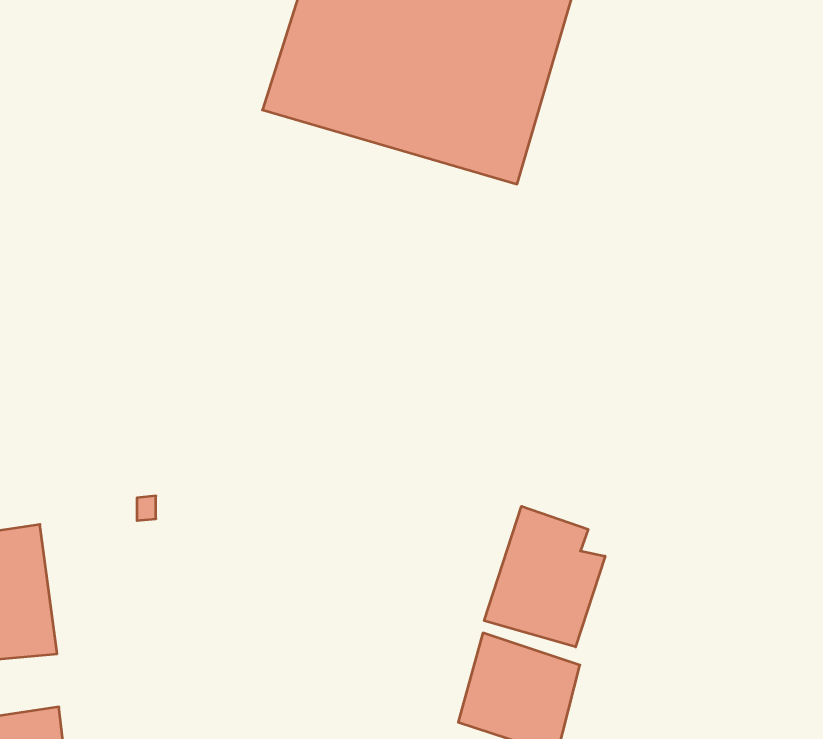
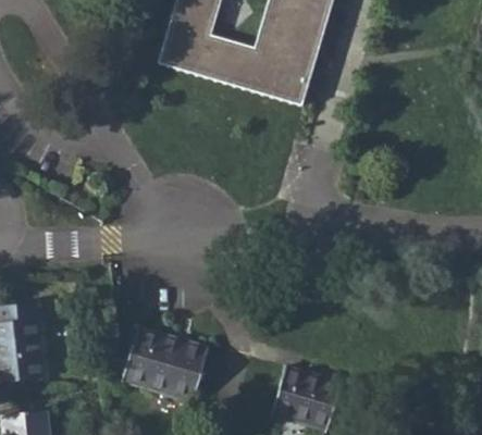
building: [484,506,605,647] -> none
building: none -> [119,331,212,401]

